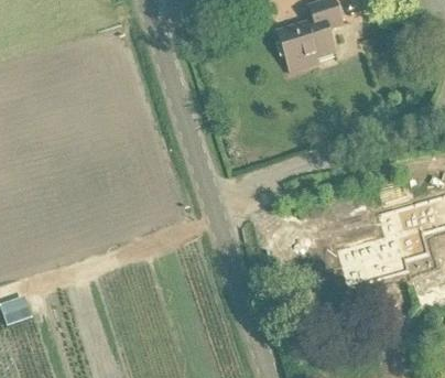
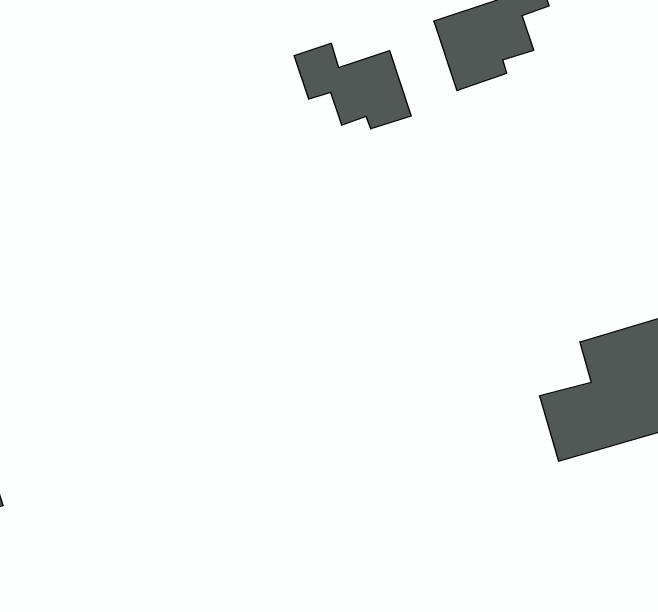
building: none -> [294,43,411,129]

